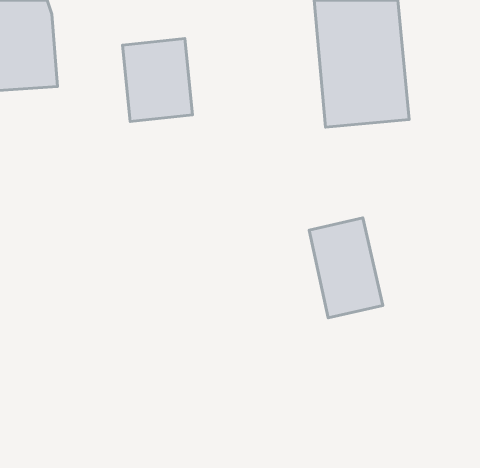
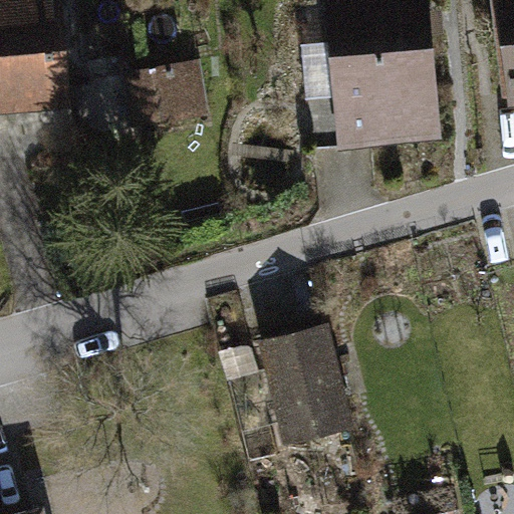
building: [309,218,383,318] -> [263,338,341,445]

